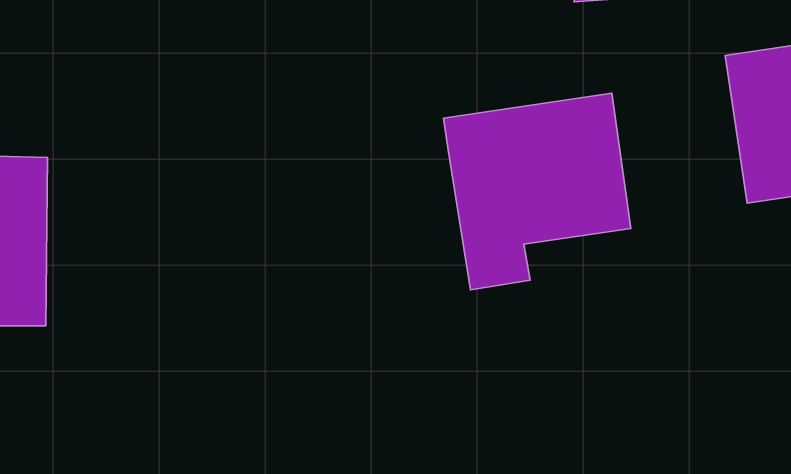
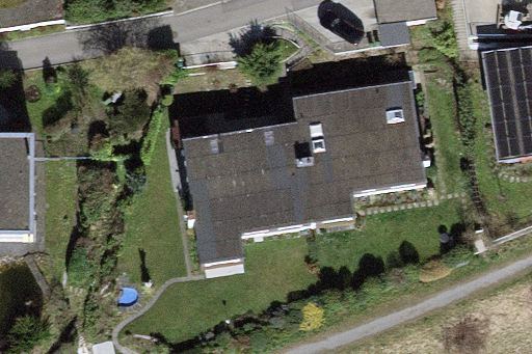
building: none -> [183,114,314,257]

